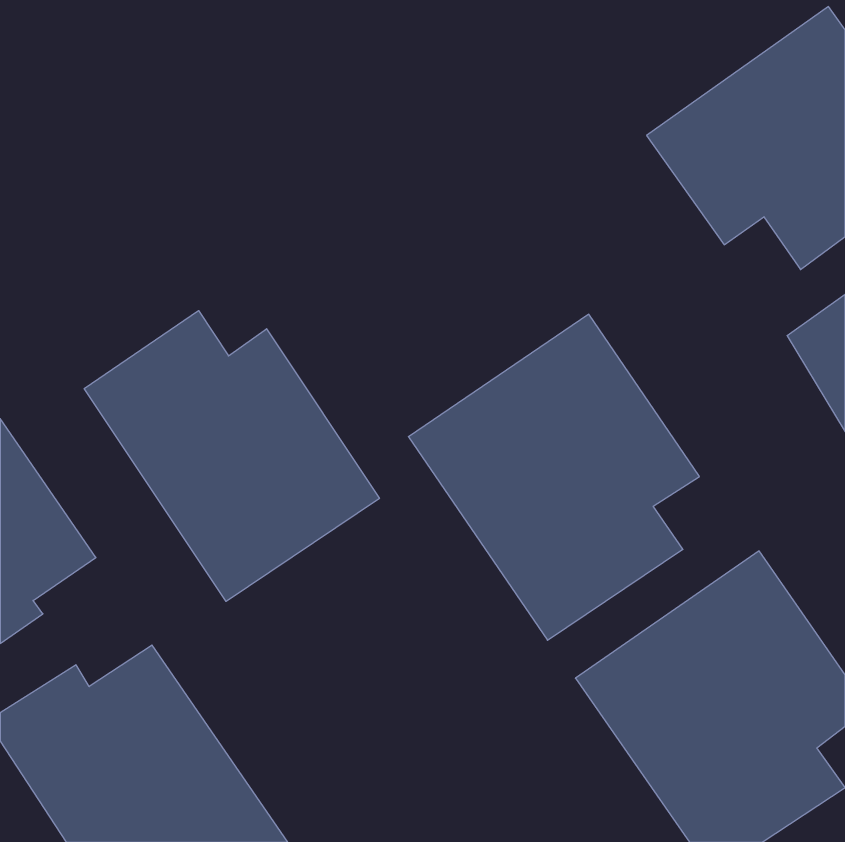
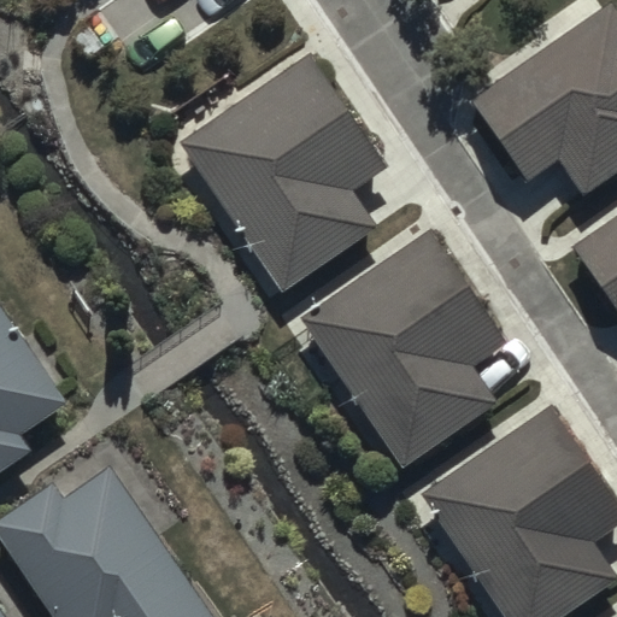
building: none -> [186,57,393,290]
building: [84,311,379,601] -> none

